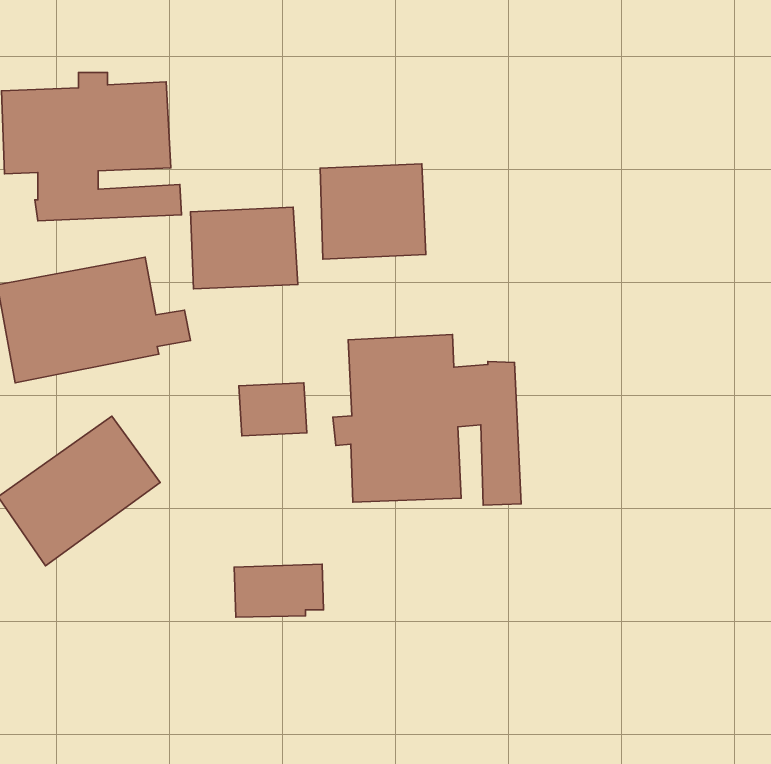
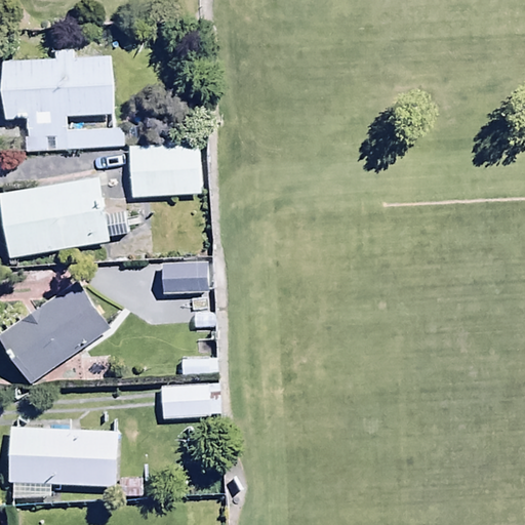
building: [320,164,426,259] -> none
building: [333,335,521,505] -> none
building: none -> [8,425,120,498]

